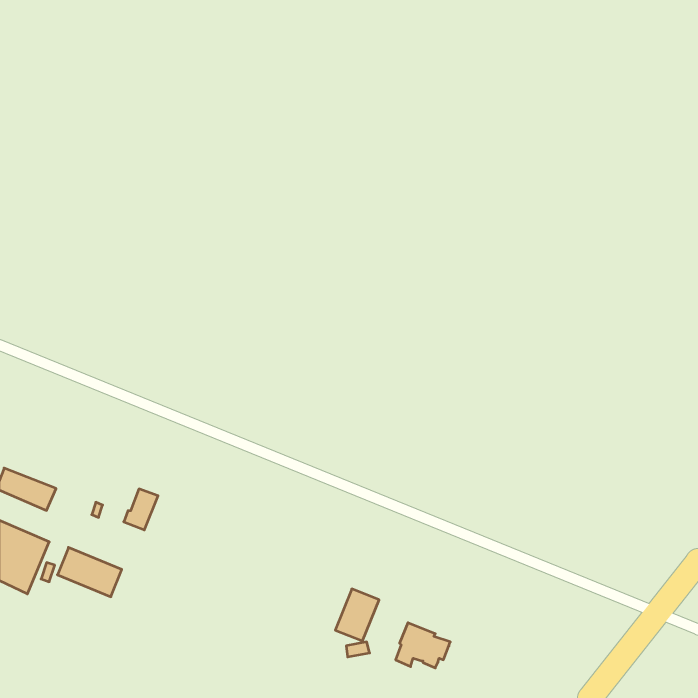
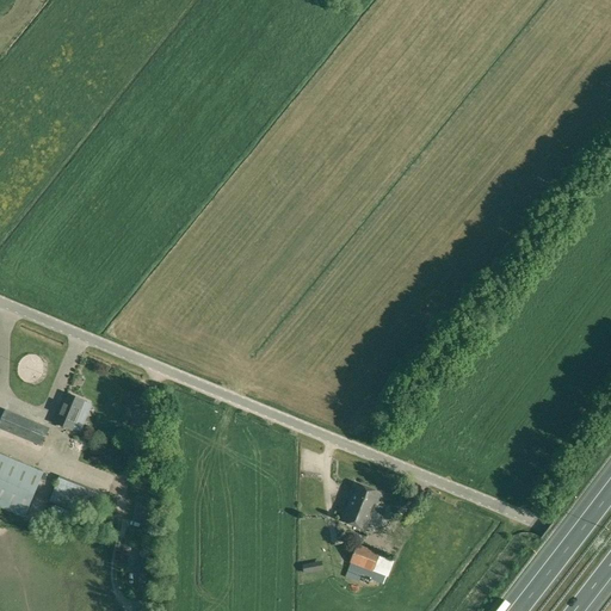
building: [124,489,158,530] -> [53,393,82,428]
building: [335,589,379,641] -> [341,483,379,529]

